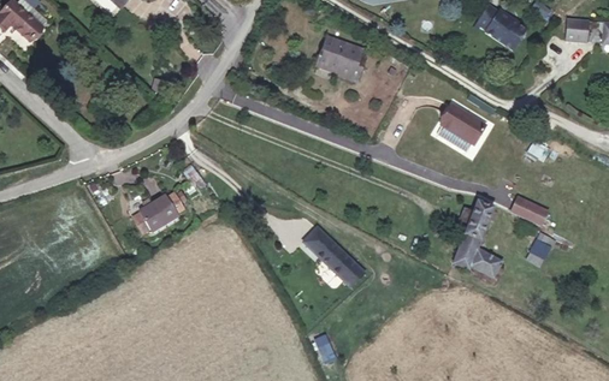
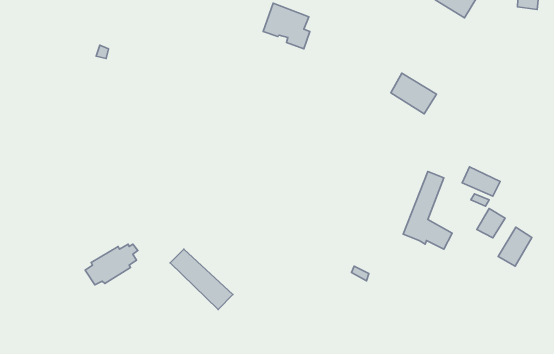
building: [132,192,184,232] -> [85,244,138,285]
building: [303,227,365,286] -> [170,249,233,309]
building: none -> [498,227,532,266]

